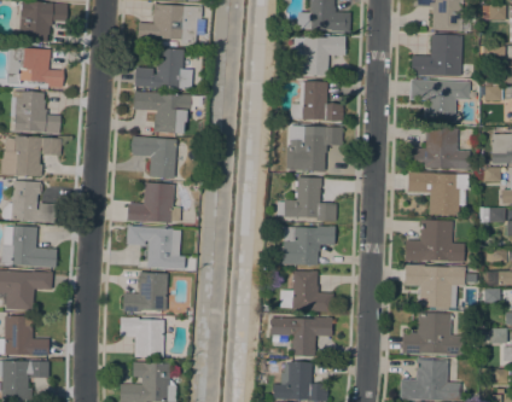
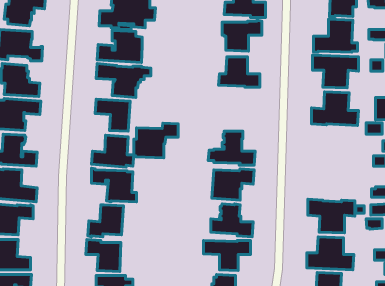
building: [286,127,343,171] -> [134,123,178,158]
building: [407,173,469,215] -> none
building: [406,220,465,262] -> none

